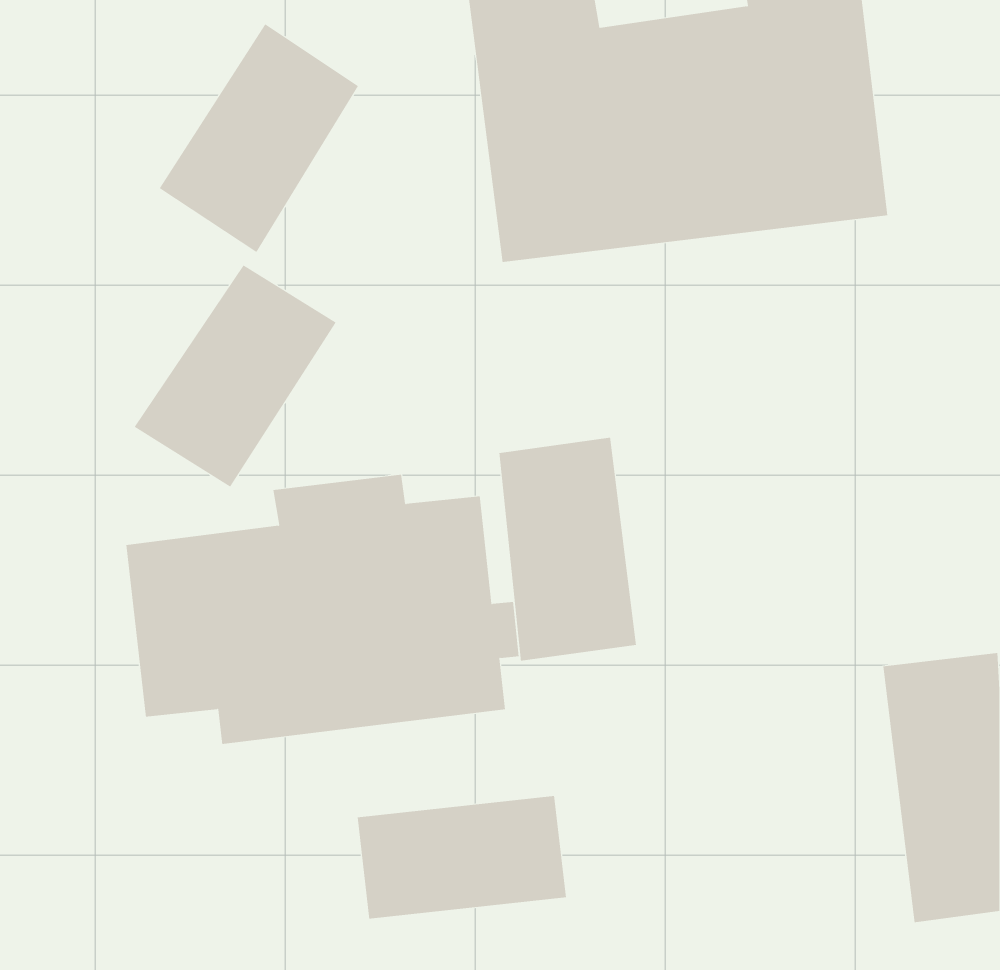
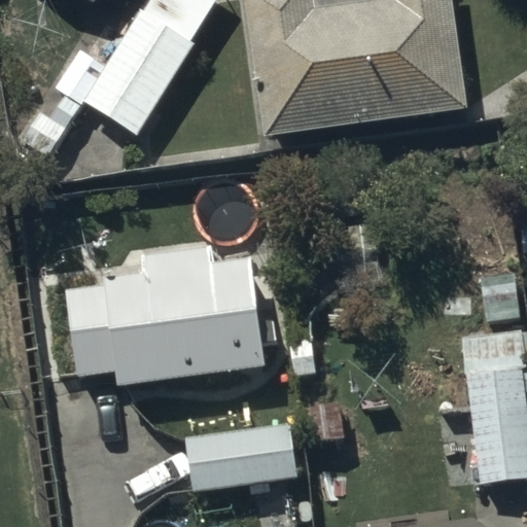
building: [134,265,337,487] -> none
building: [499,437,636,662] -> none

